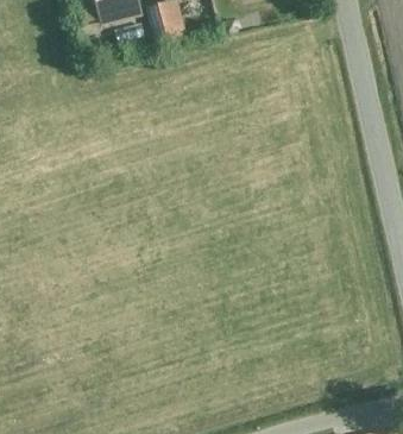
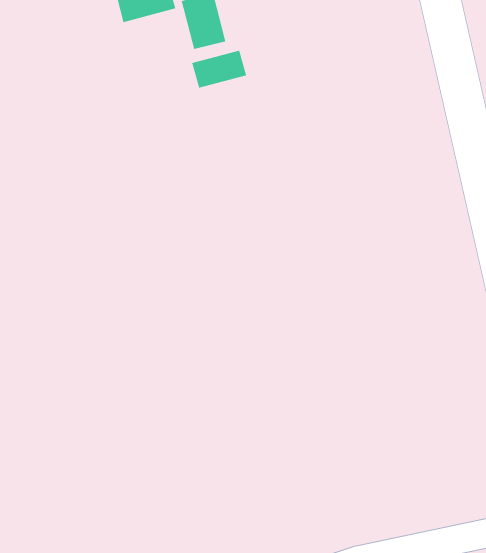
building: none -> [191,50,247,88]

